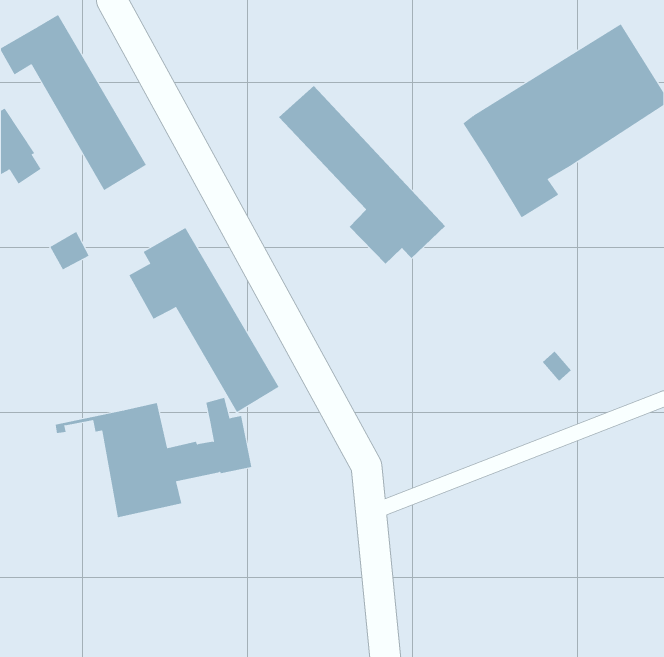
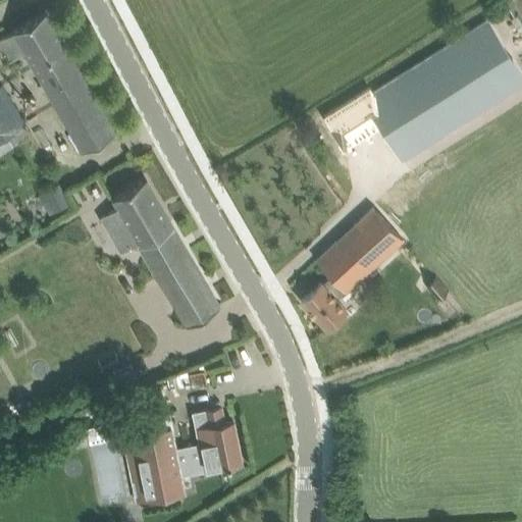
building: [278,85,446,265] -> none
building: none -> [301,212,403,331]
building: [55,397,252,518] -> [87,411,242,506]

